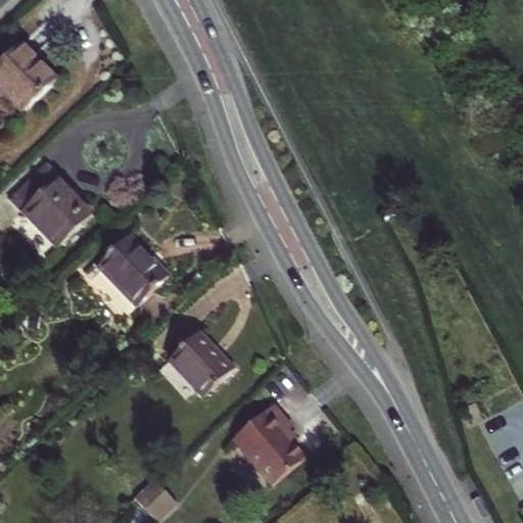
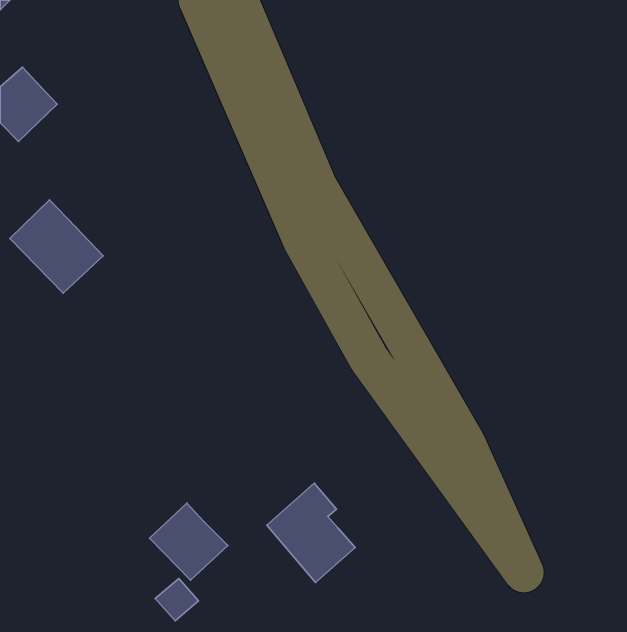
building: [90,233,170,315] -> none
building: [170,329,234,392] -> [149,503,228,580]

